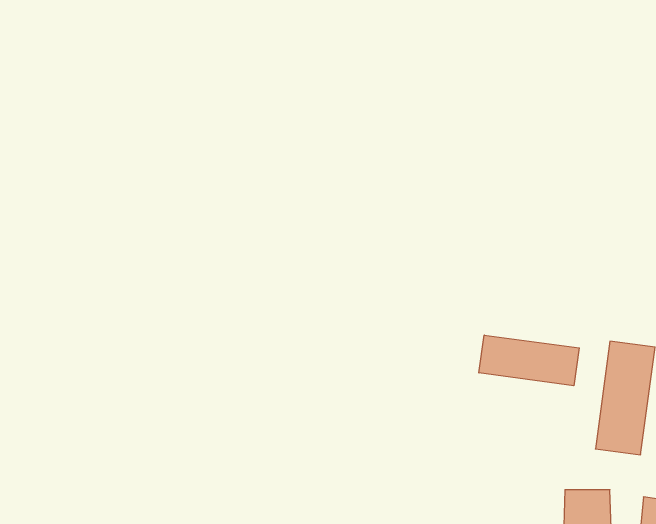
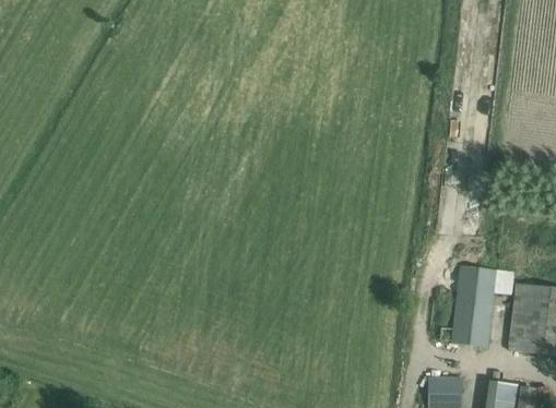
building: [479,335,579,386] -> none

